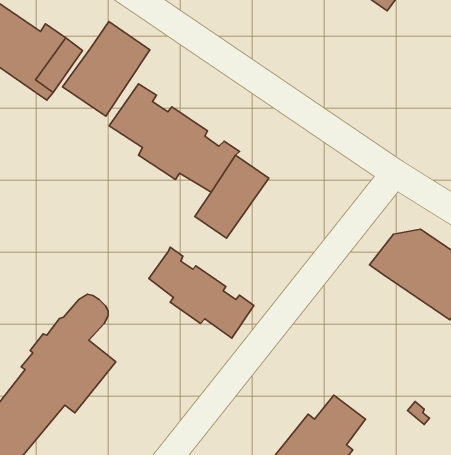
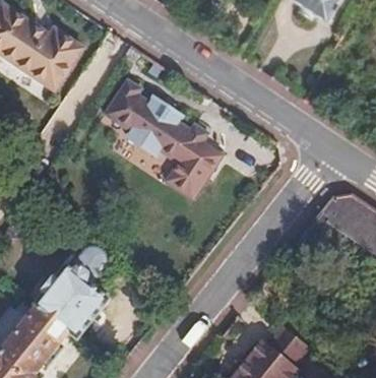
building: [63,22,150,116] -> none
building: [149,247,254,338] -> none

